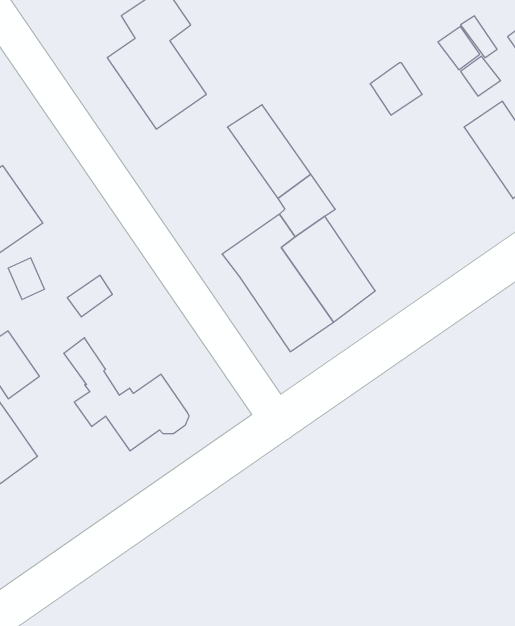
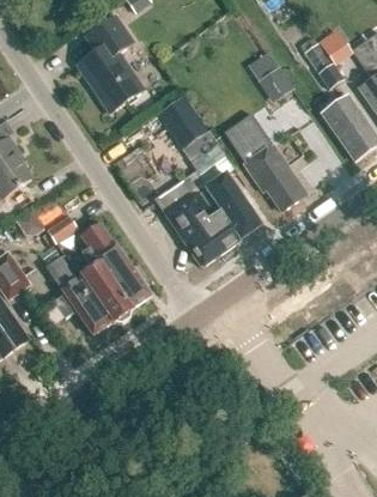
building: none -> [231,121,303,210]
building: none -> [74,223,151,308]

